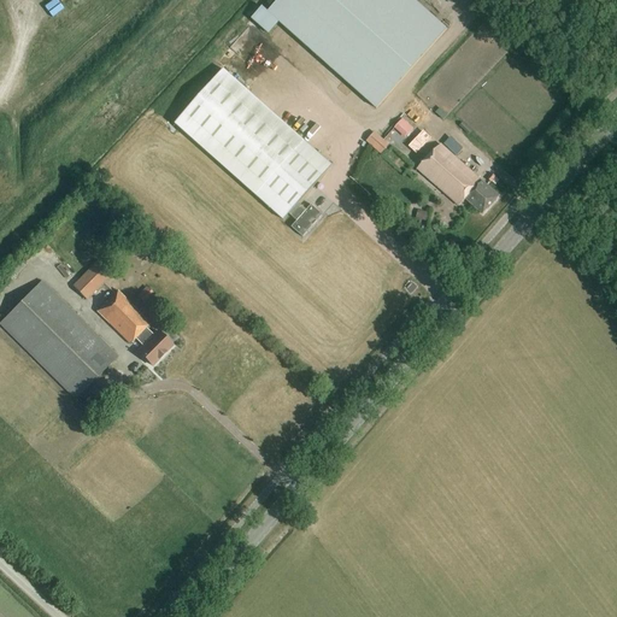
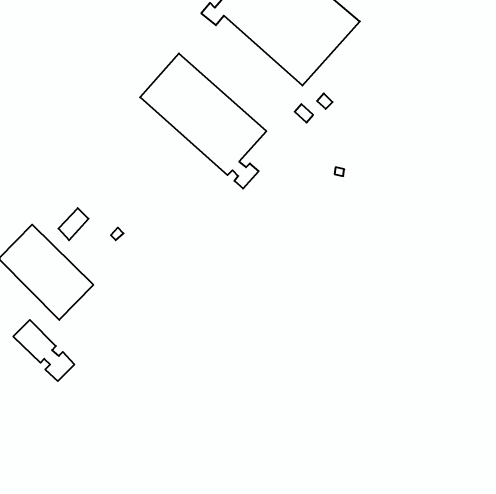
building: [416,142,498,211] -> none
building: [95,288,171,364] -> [13,320,74,381]

